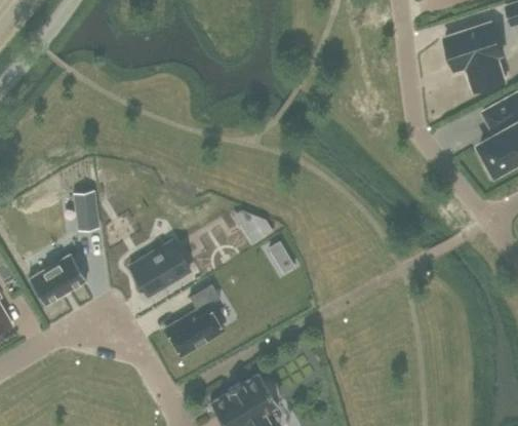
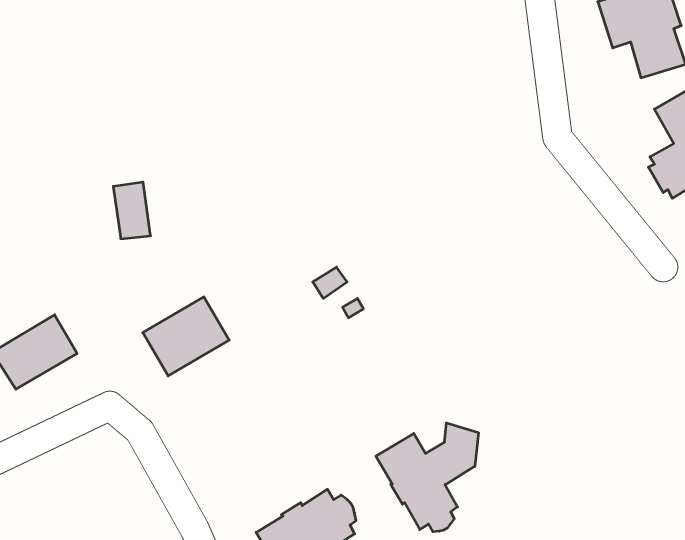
building: [74,191,99,230] -> [113,182,151,239]
building: [166,284,223,355] -> none
building: none -> [376,423,478,532]

